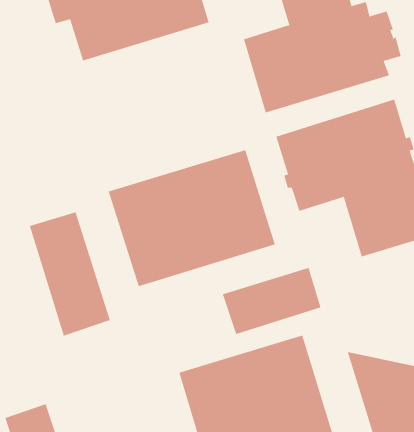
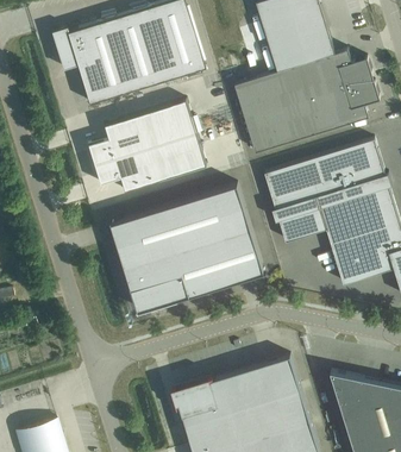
building: none -> [88,100,206,193]
building: [29,212,110,336] -> none
building: [222,267,321,335] -> none

